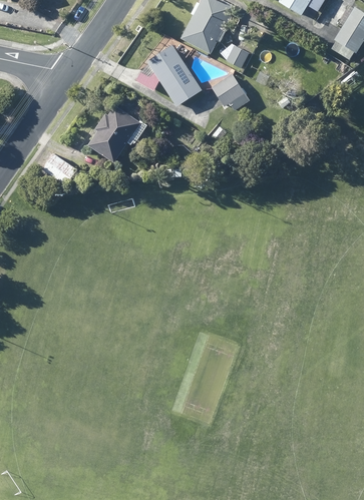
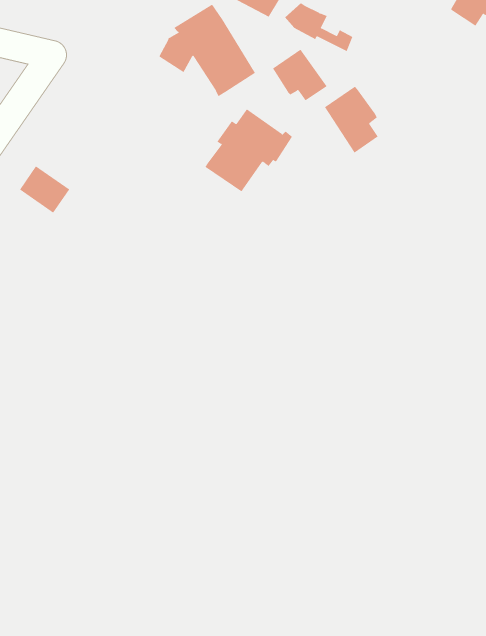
building: none -> [324,86,379,154]
building: [87,105,146,161] -> [204,108,293,192]

